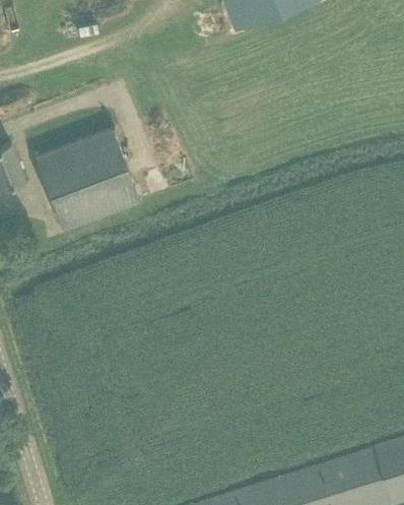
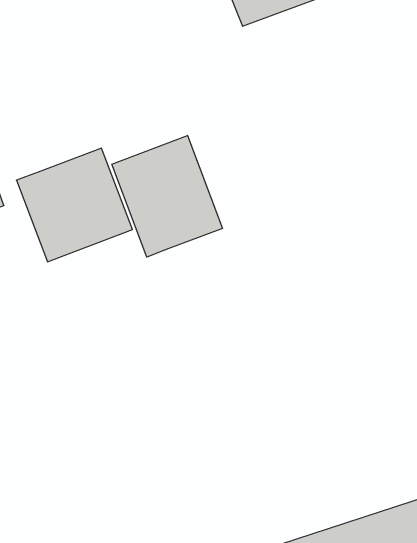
building: none -> [112,135,223,257]

